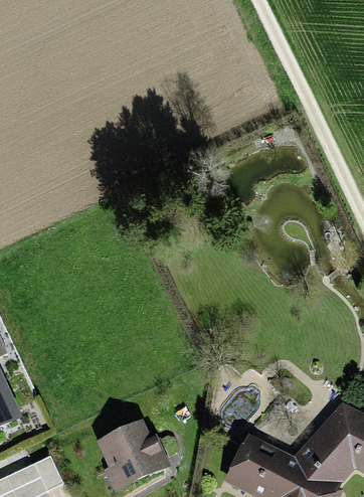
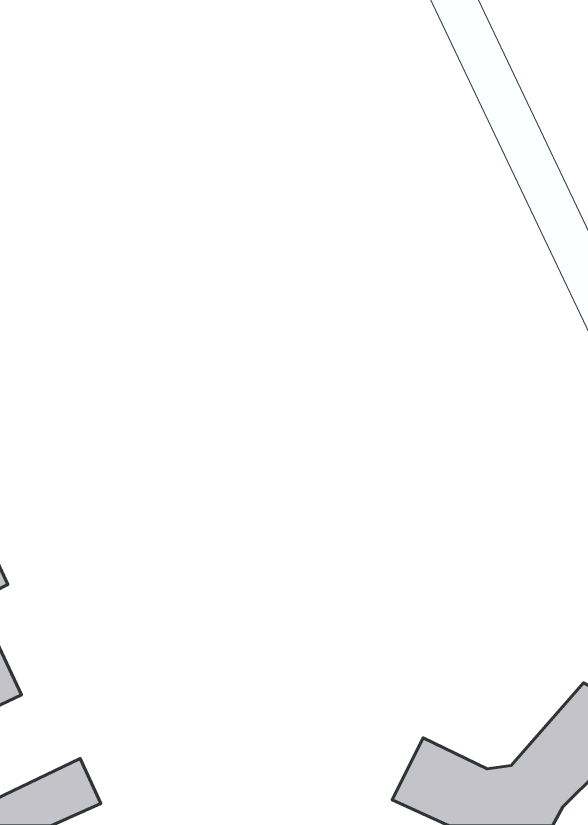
building: [104,422,167,482] -> none

